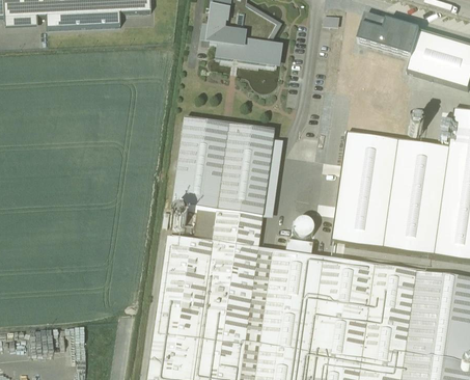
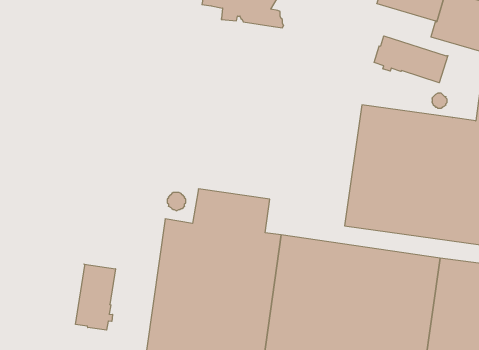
building: none -> [374,36,448,83]
building: [172,116,275,216] -> none
building: none -> [76,264,115,330]

